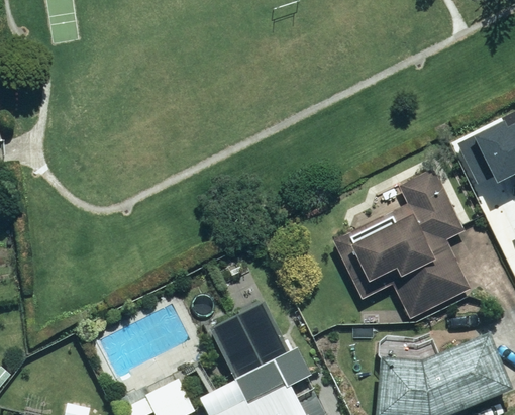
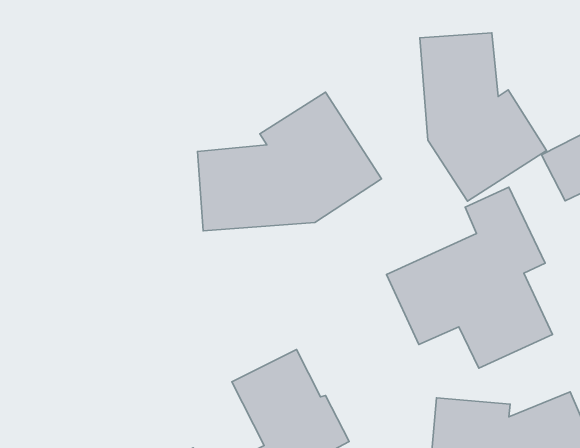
building: none -> [420,33,546,201]
building: none -> [198,92,381,231]

